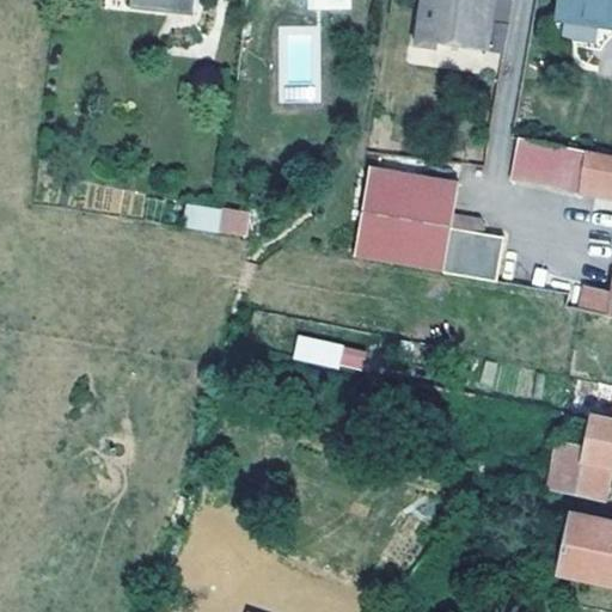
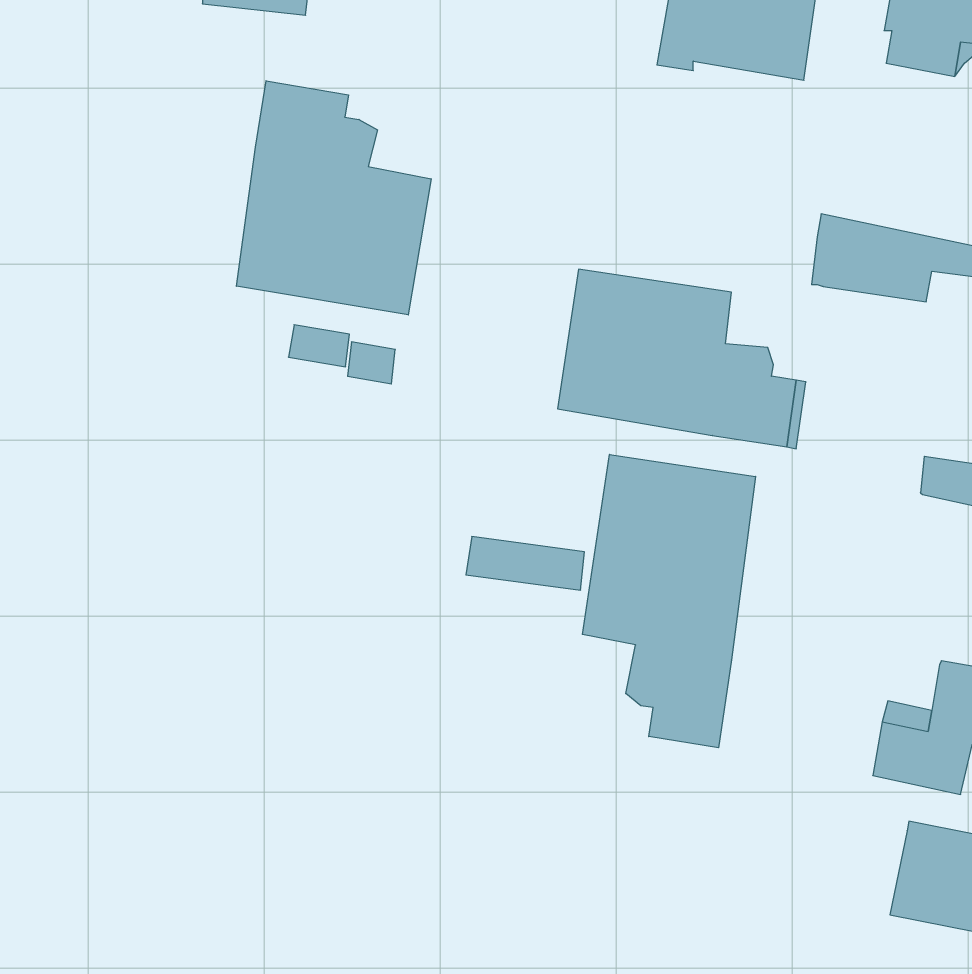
building: none -> [236,81,431,315]
building: none -> [582,454,756,748]

